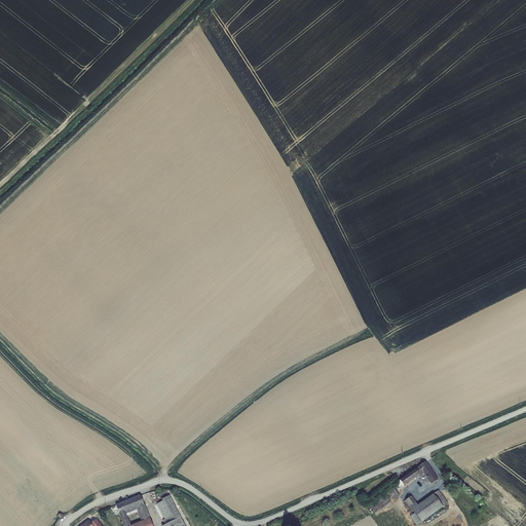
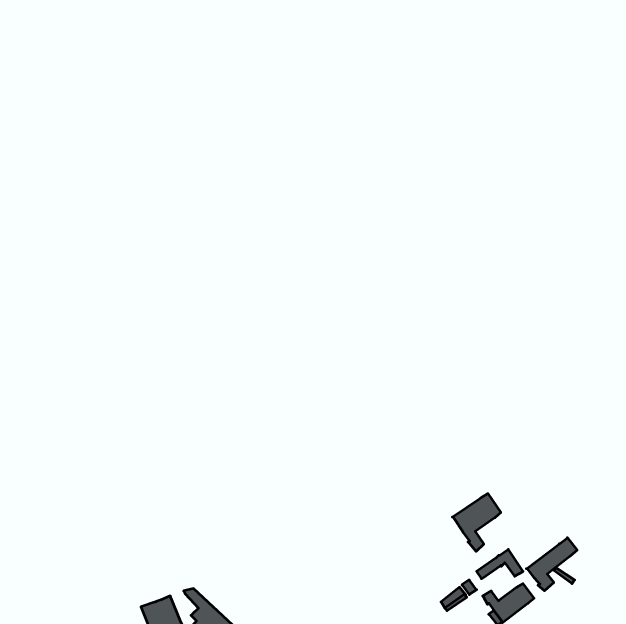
building: none -> [452,494,501,551]
building: none -> [526,538,577,591]

